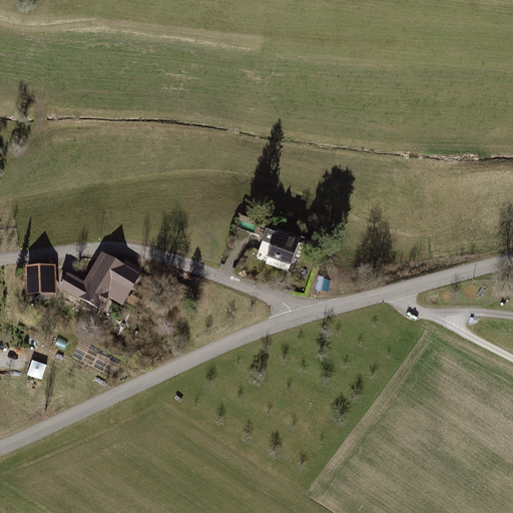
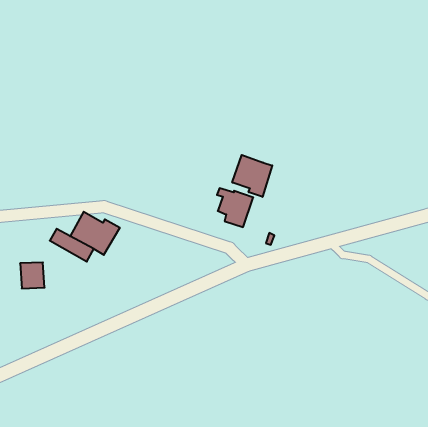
building: none -> [232,155,272,197]
building: [26,263,55,294] -> [20,262,45,288]

